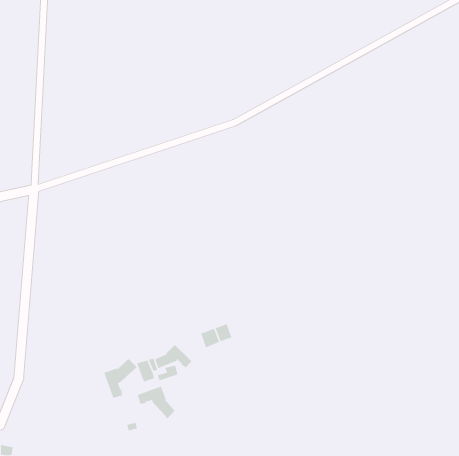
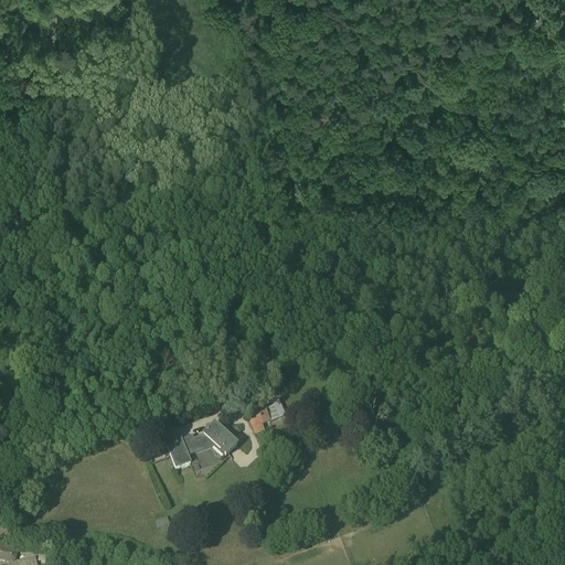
building: [103,358,138,399] -> none
building: [137,386,176,419] -> none

